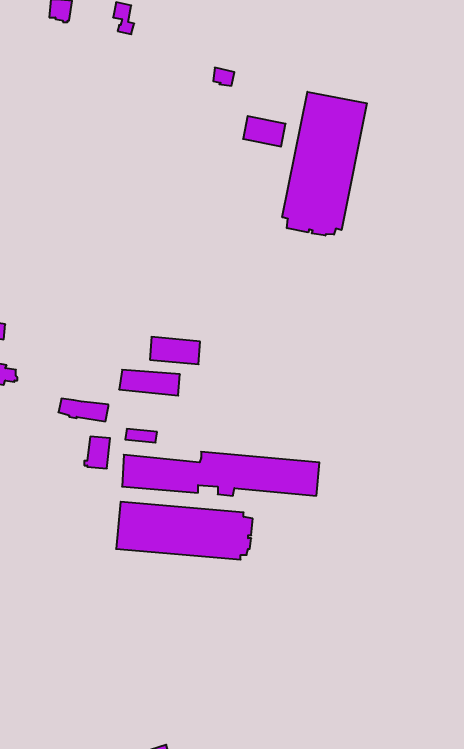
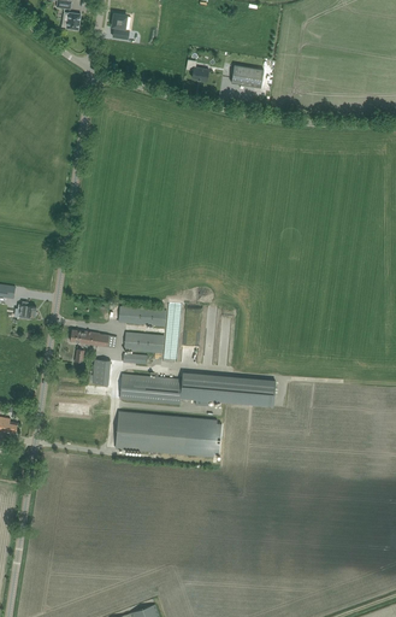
building: [282,92,367,236] -> none
building: [243,116,286,147] -> [230,64,264,88]
building: [150,337,200,364] -> [123,331,162,353]

